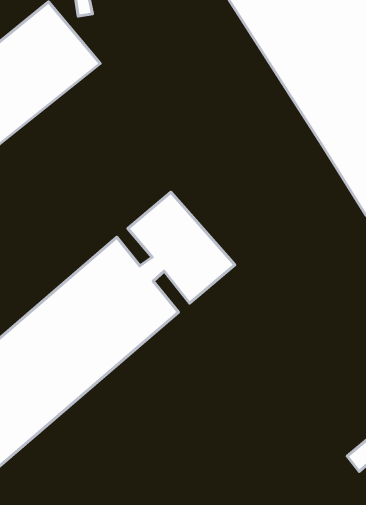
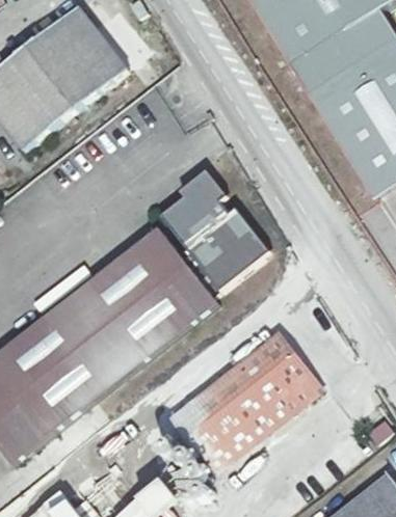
building: none -> [179,333,322,469]

